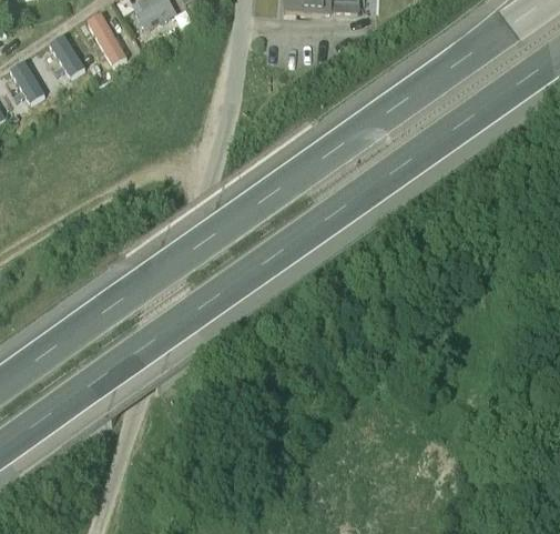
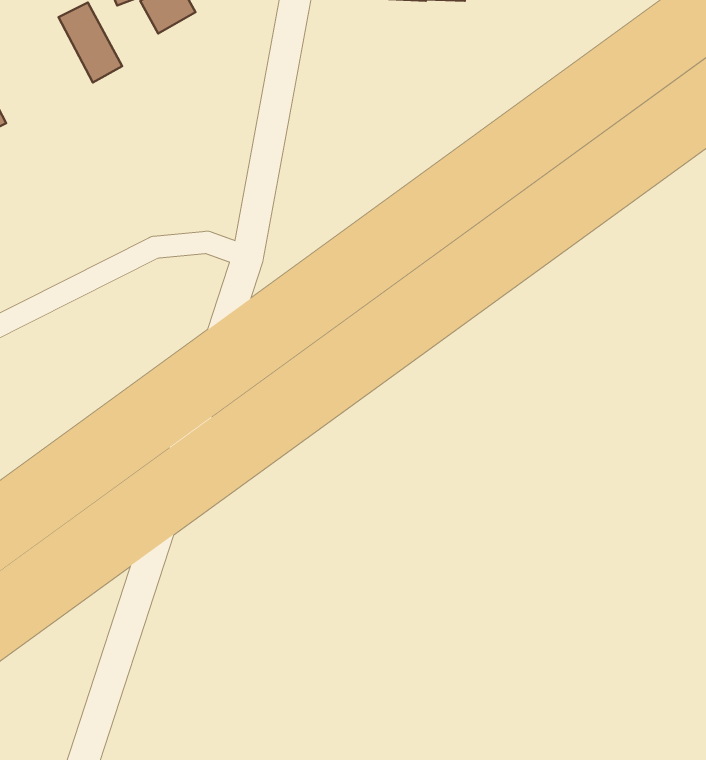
building: [48,31,86,77] -> none

